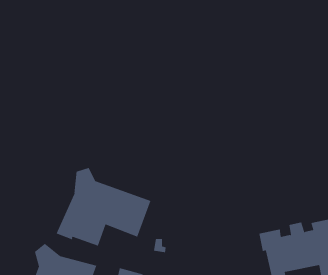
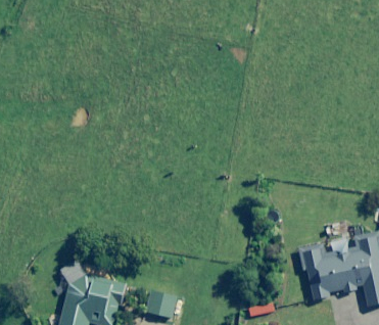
building: [56,167,151,247] -> none

